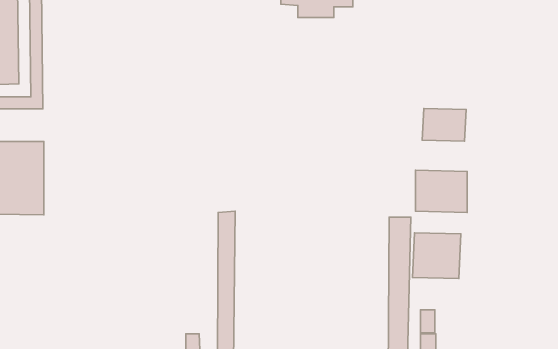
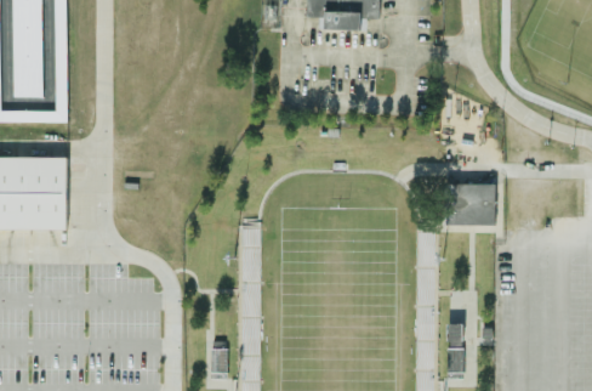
building: [422,108,466,141] -> none
building: [413,233,461,278] -> none

